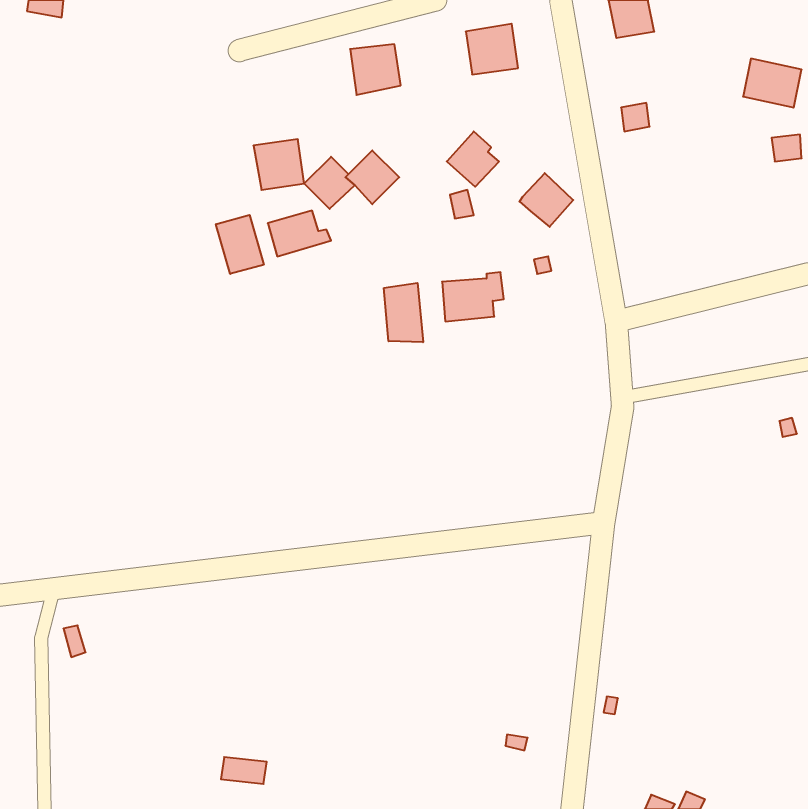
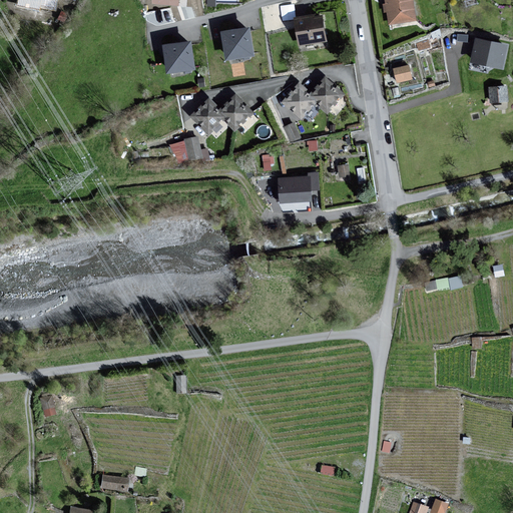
building: [253,139,304,190] -> [162,41,194,73]
building: [519,173,573,227] -> [309,78,343,112]
building: [216,215,264,274] -> none
building: [384,283,423,342] -> none
building: [221,757,267,784] -> [100,476,129,493]

